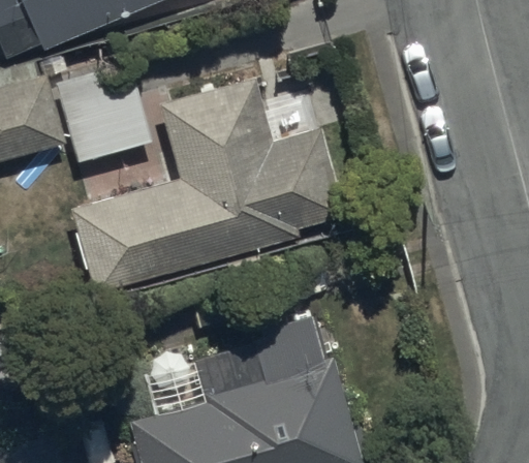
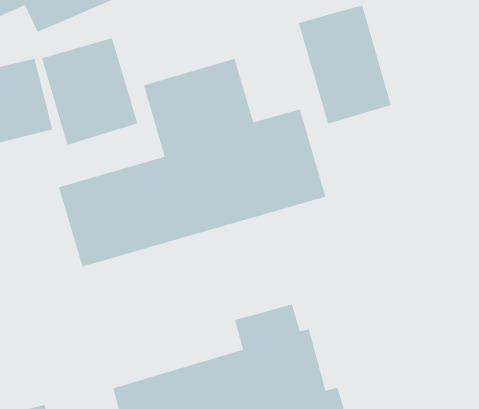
building: none -> [298,5,391,124]

